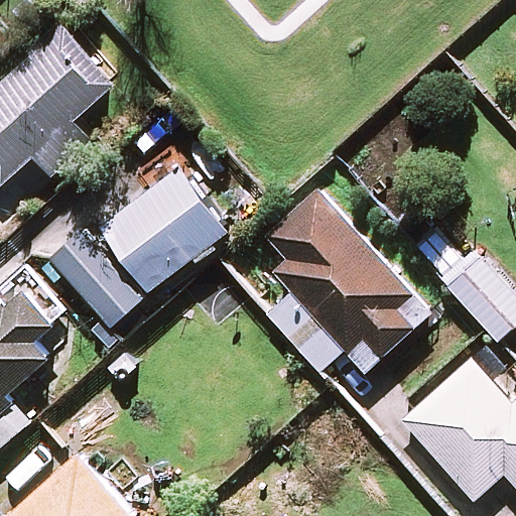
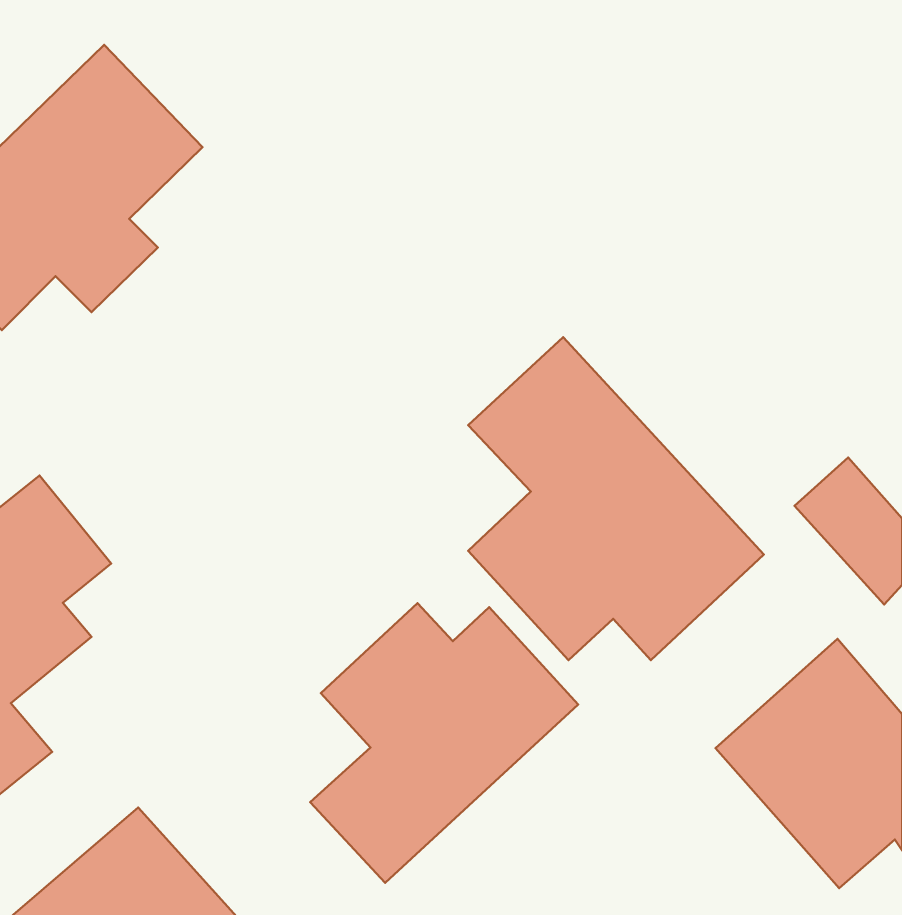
building: [49,166,228,327] -> none
building: none -> [310,603,578,883]

